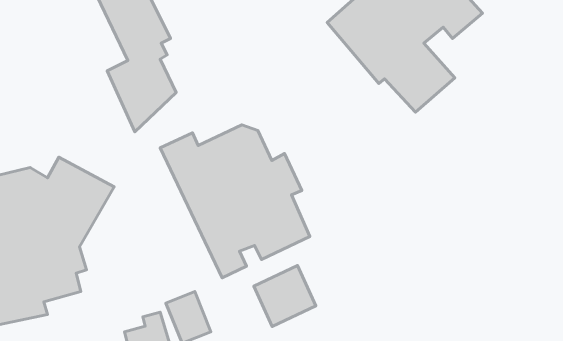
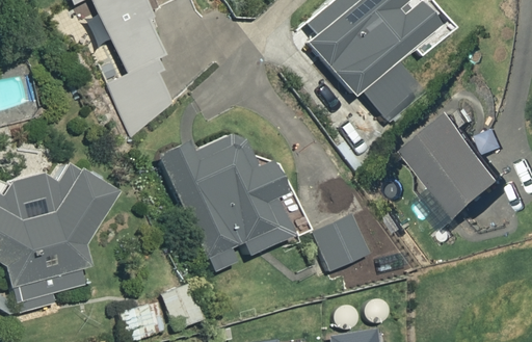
building: none -> [409,108,513,215]
building: [254,266,316,326] -> [313,214,369,269]

